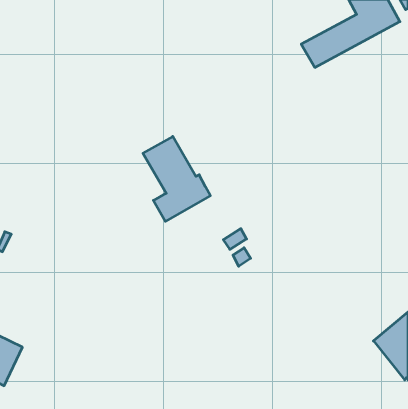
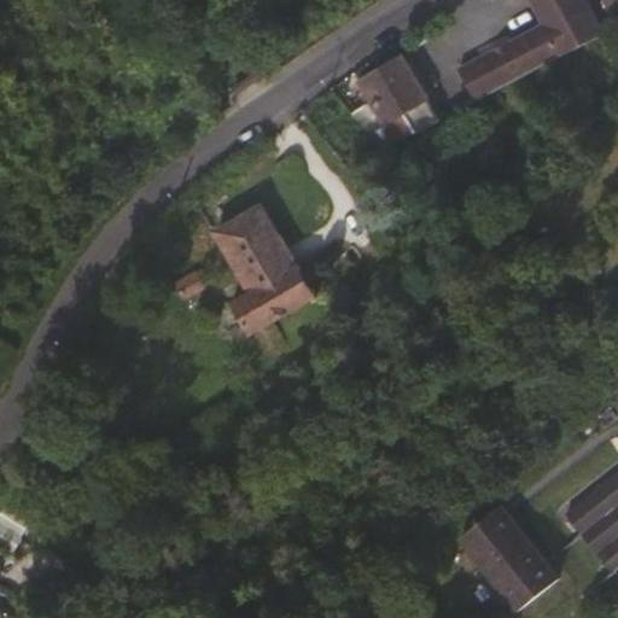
building: none -> [350,56,438,150]
building: none -> [455,503,554,610]

